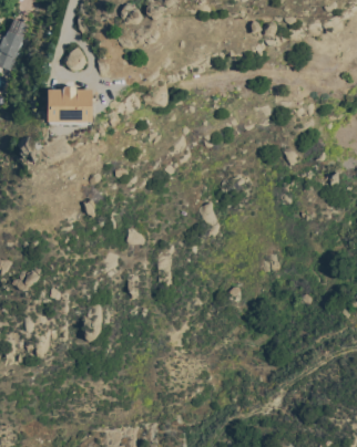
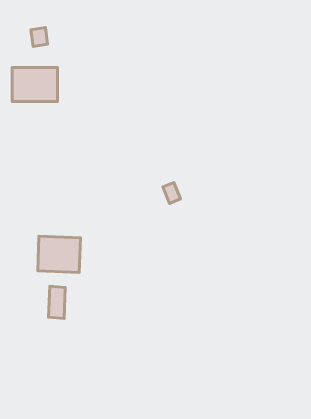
building: none -> [38,236,81,272]

